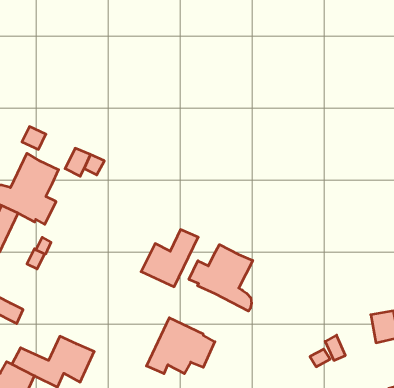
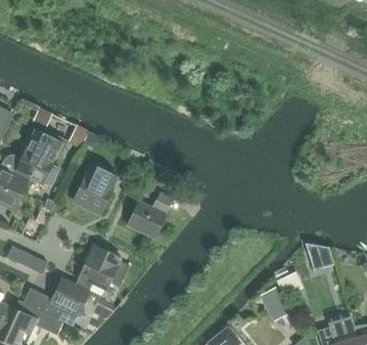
building: none -> [74,162,119,215]
building: [189,245,253,311] -> none
building: [146,318,215,374] -> [76,245,131,290]

